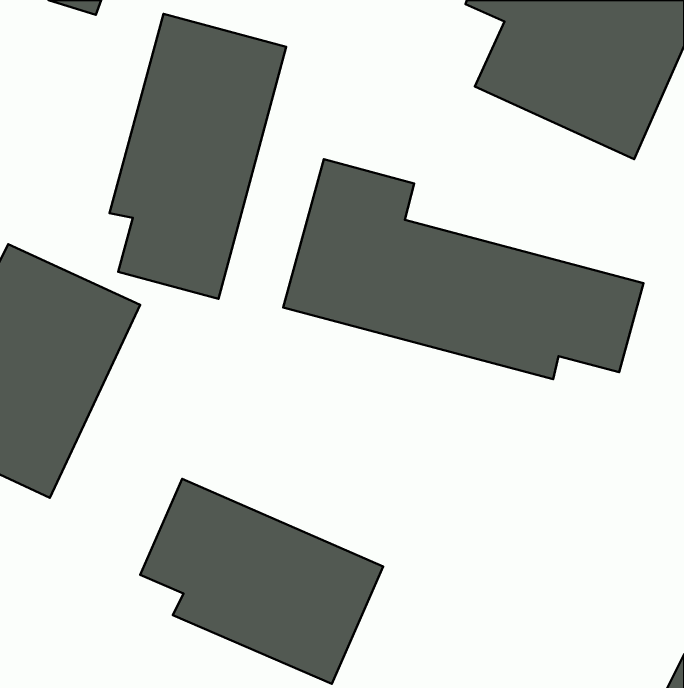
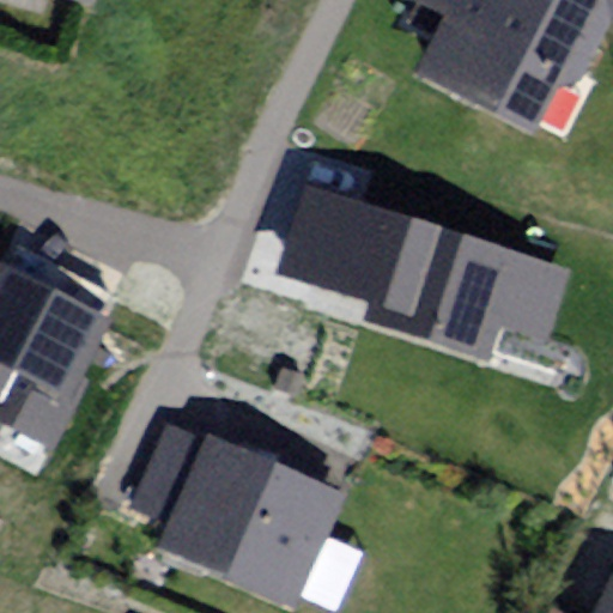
building: [109,14,286,299] -> none

